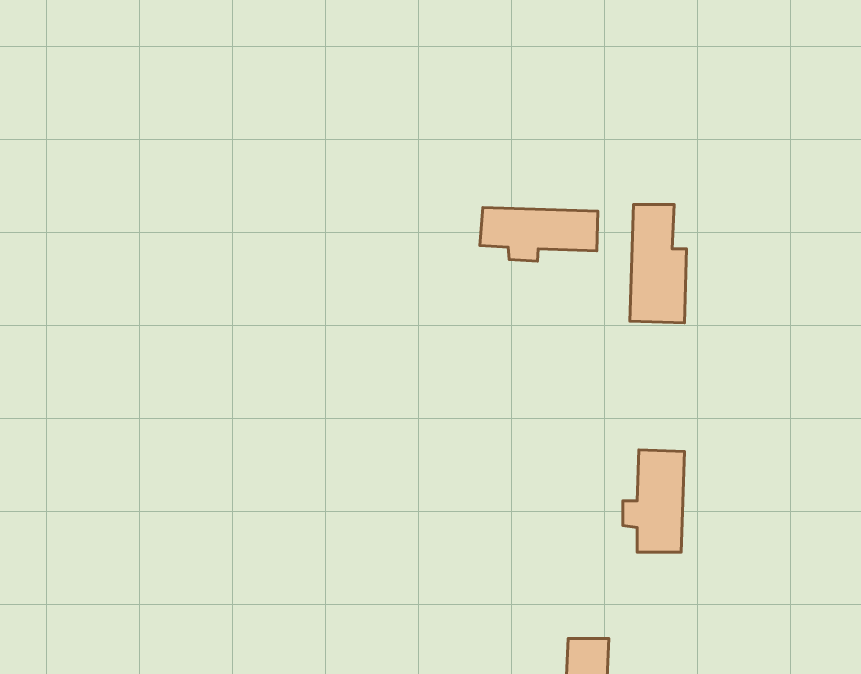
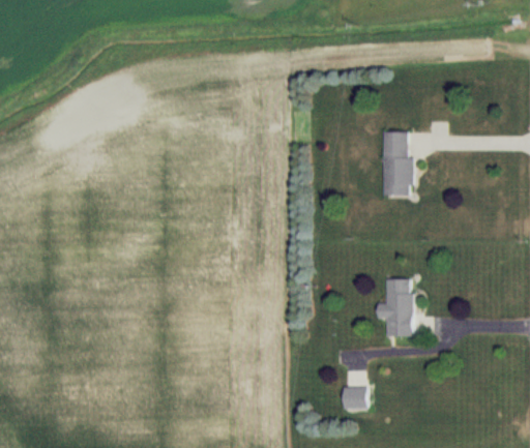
building: [480,208,598,261] -> none

